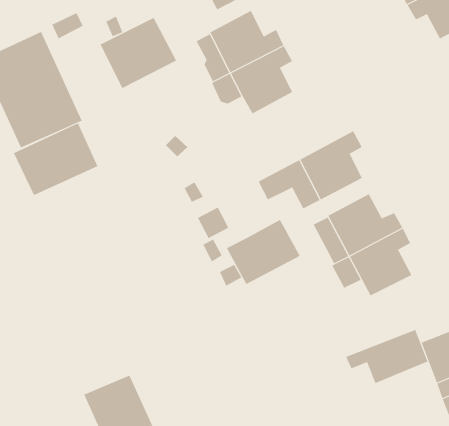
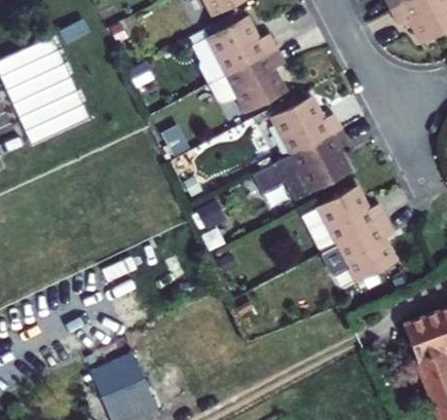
building: [100,17,177,89] -> none
building: none -> [272,97,342,155]
building: [13,123,98,196] -> none
building: [226,219,300,285] -> none
building: [346,329,428,384] -> none

